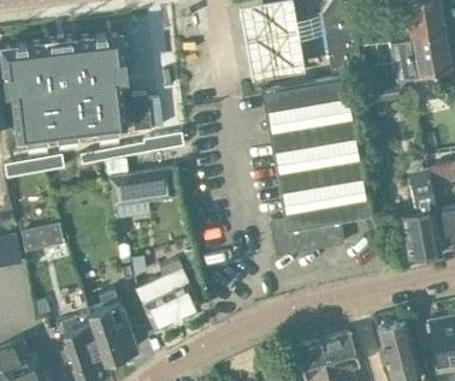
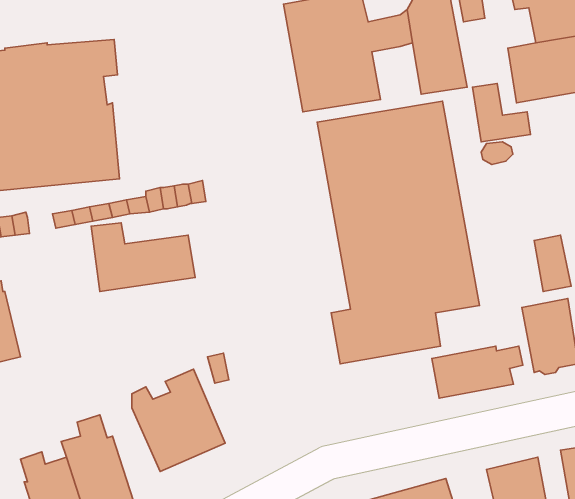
building: none -> [432,346,523,398]

